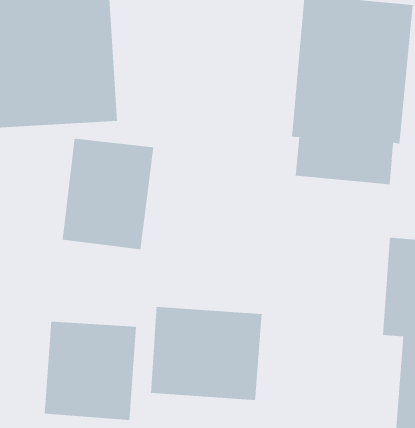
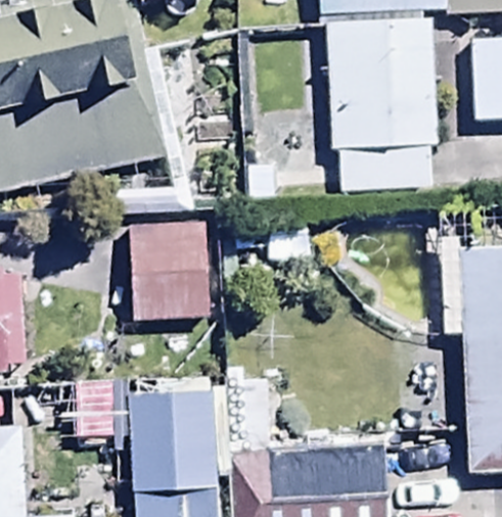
building: [151,306,262,401] -> none

